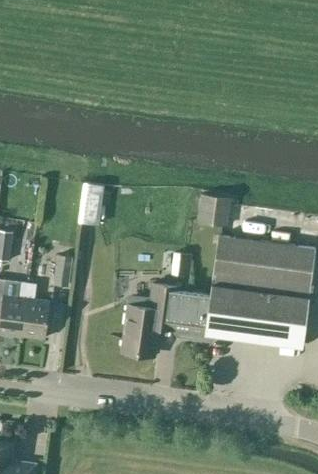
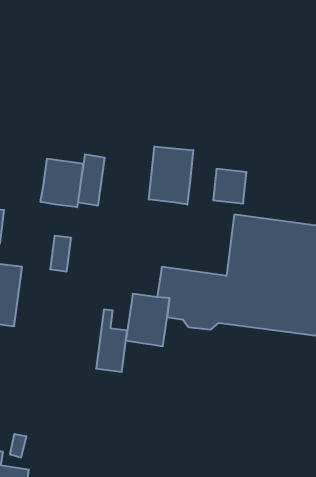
building: none -> [149,146,193,205]
building: none -> [41,159,83,207]
building: [21,283,49,339] -> [96,309,127,372]

